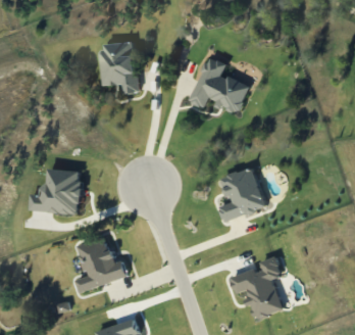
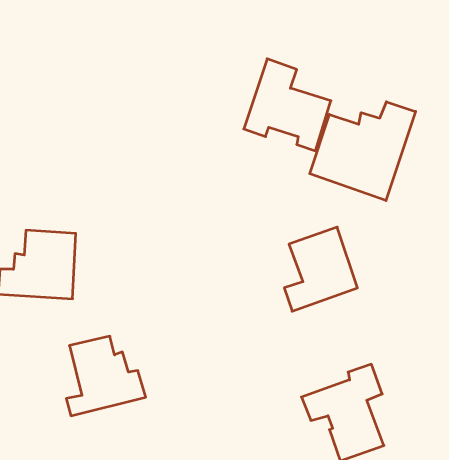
building: [99,41,138,93] -> none
building: none -> [310,102,416,201]

